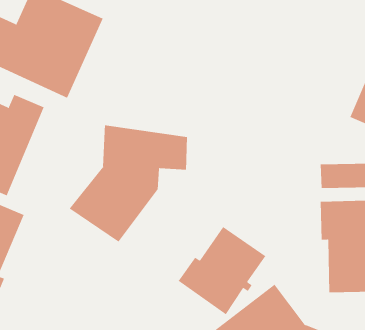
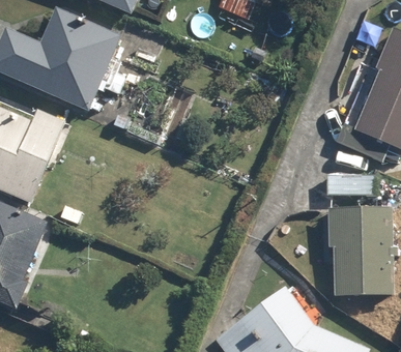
building: [69,125,188,242] -> none
building: [178,226,266,315] -> none

